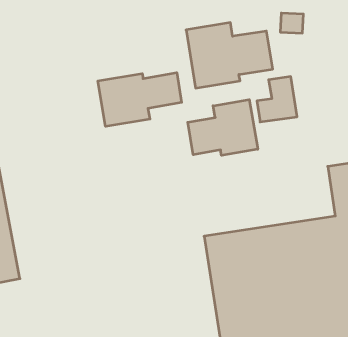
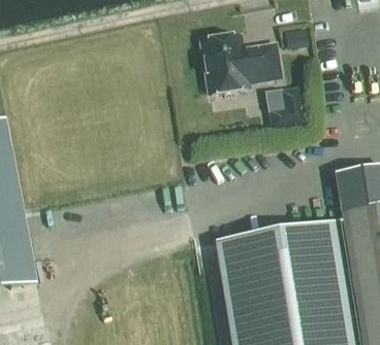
building: [98,73,182,126] -> none
building: [188,100,258,155] -> none

